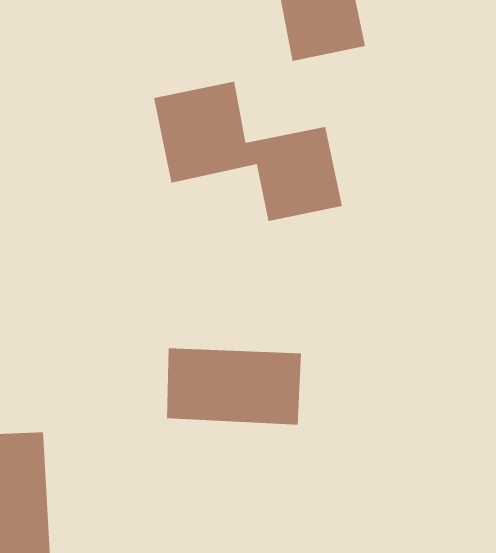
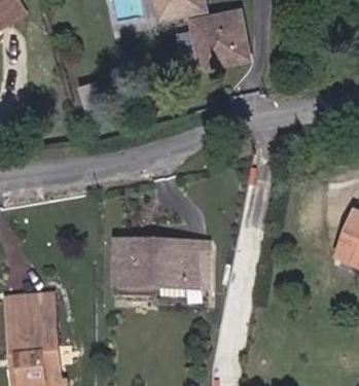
building: [154,81,342,222] -> none

